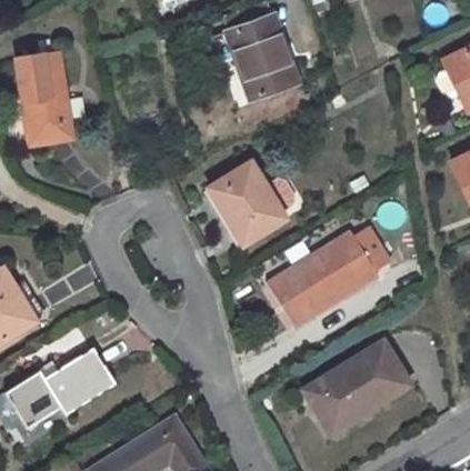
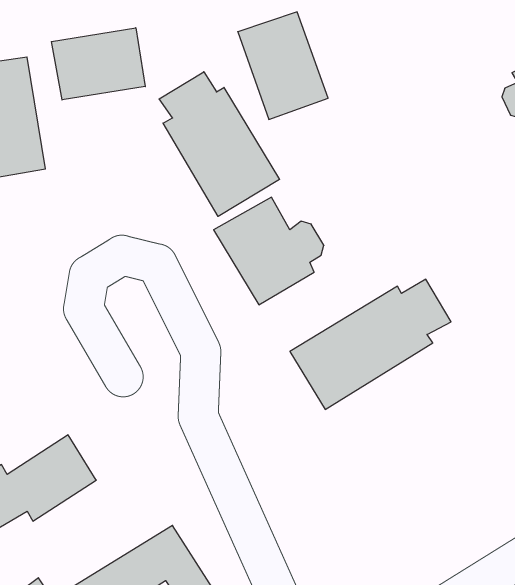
building: none -> [51,28,145,100]
building: none -> [159,72,280,216]
building: [301,340,411,432] -> none

